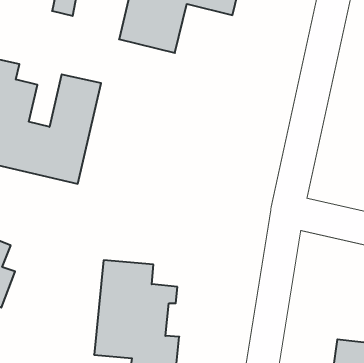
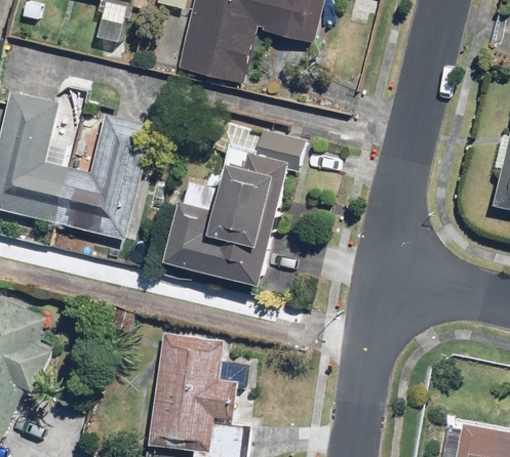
building: none -> [162,129,303,287]

